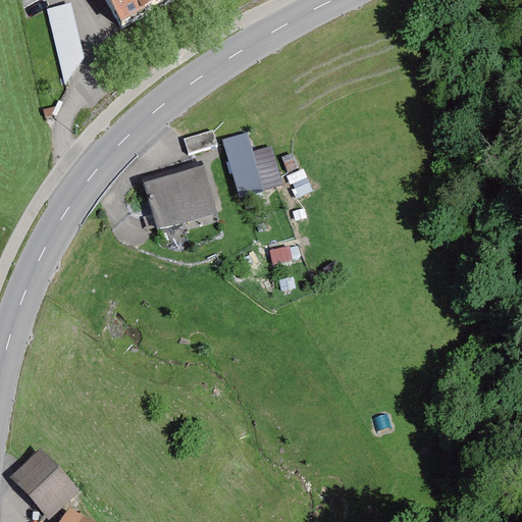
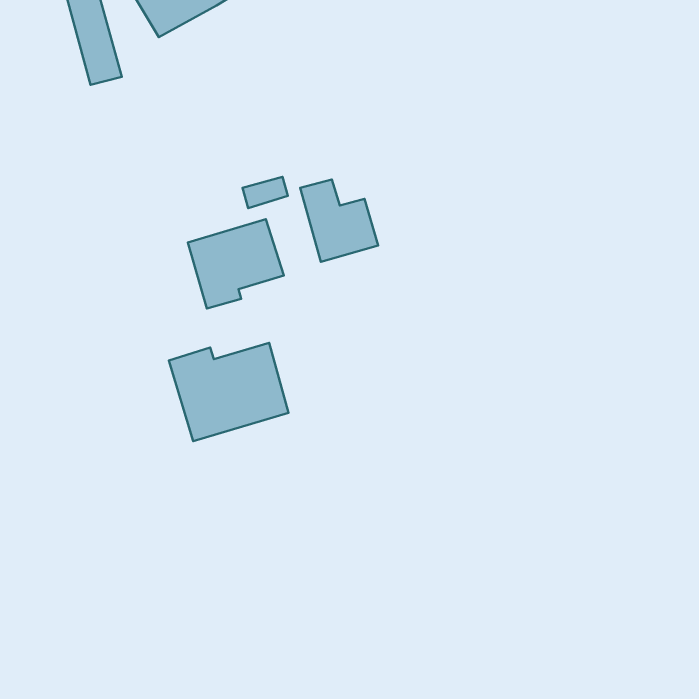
building: none -> [169,343,289,441]
building: [14,457,70,515] -> none

